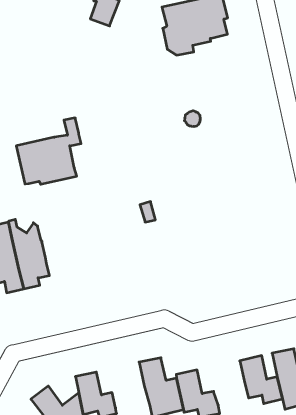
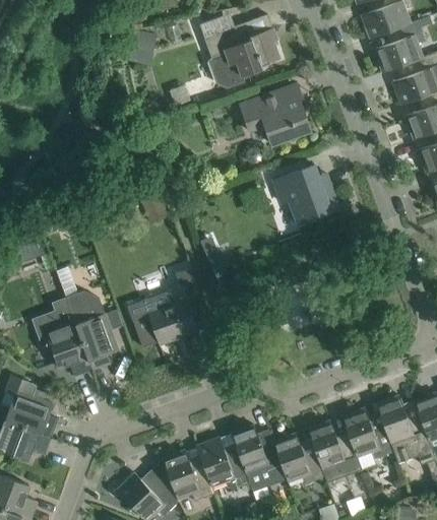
building: none -> [240,89,310,144]
building: [16,118,81,184] -> [127,266,198,346]
building: none -> [272,165,338,223]
building: none -> [307,420,361,472]
building: none -> [197,437,249,488]

